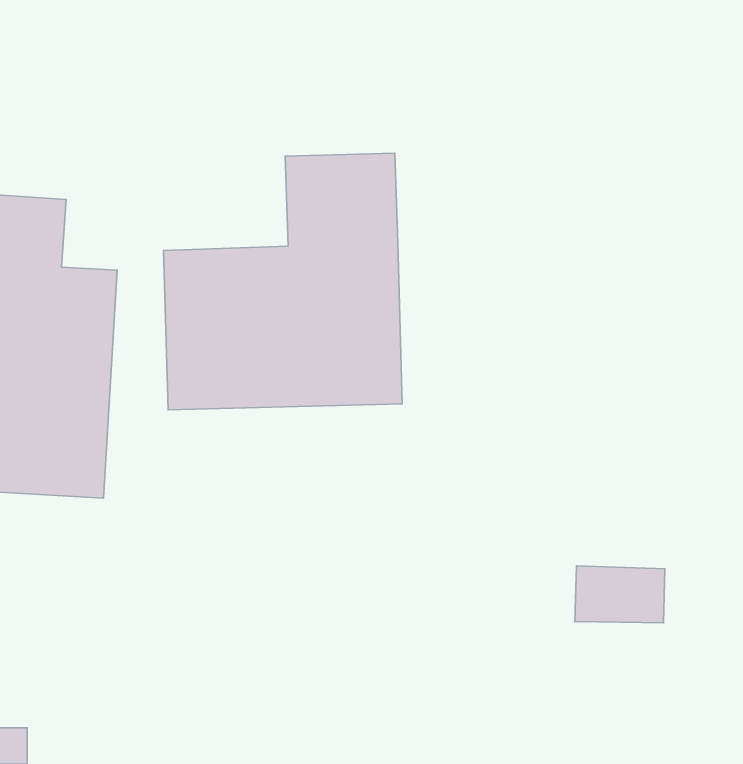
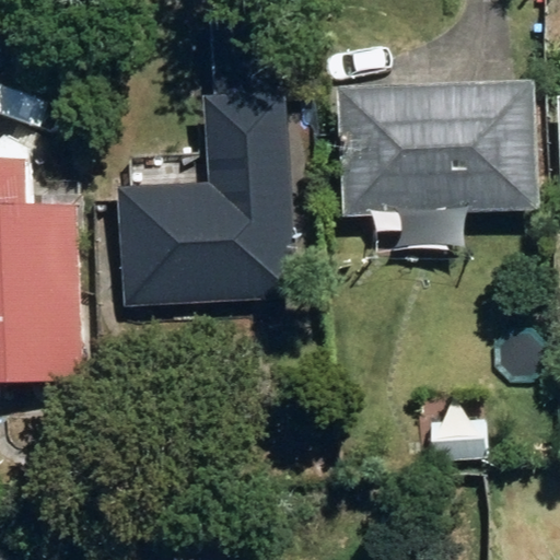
building: none -> [316,91,502,223]

